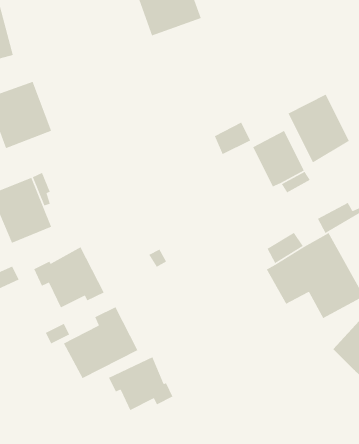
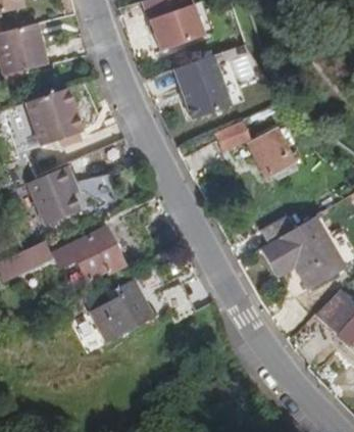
building: none -> [175,53,234,117]
building: [287,93,350,164] -> none
building: [108,356,173,411] -> none

